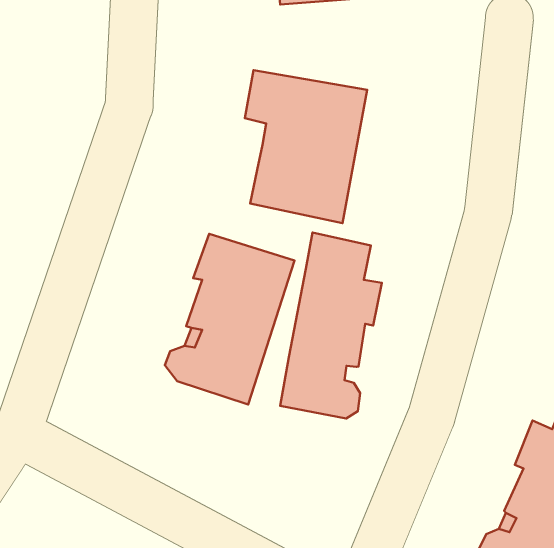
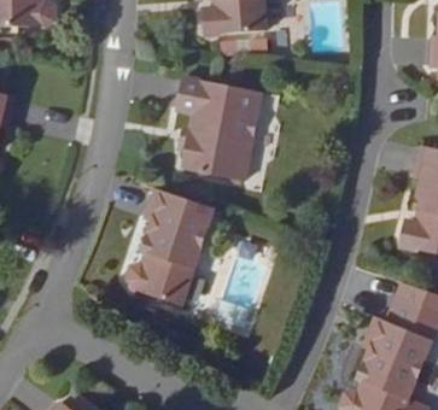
building: [280,232,382,419] -> none

